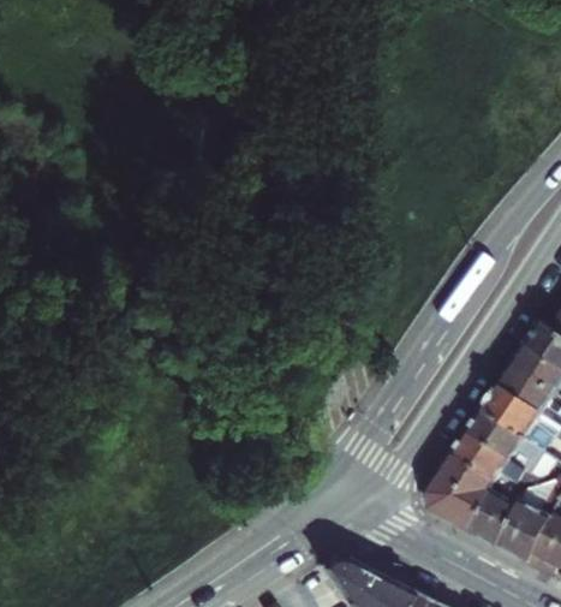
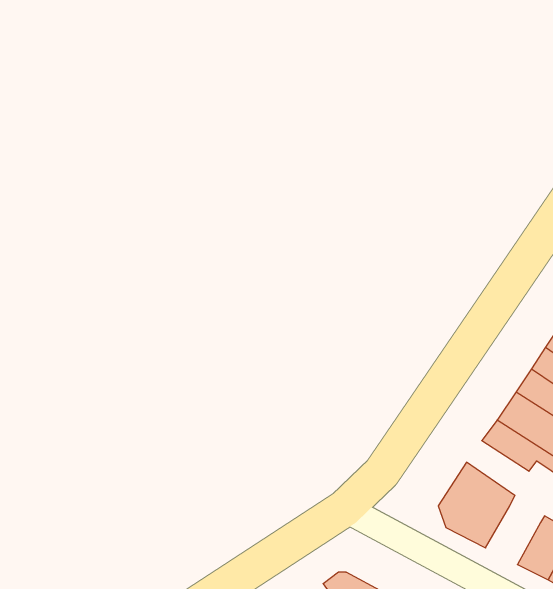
building: [454,432,527,483] -> none
building: [472,487,524,548] -> none

